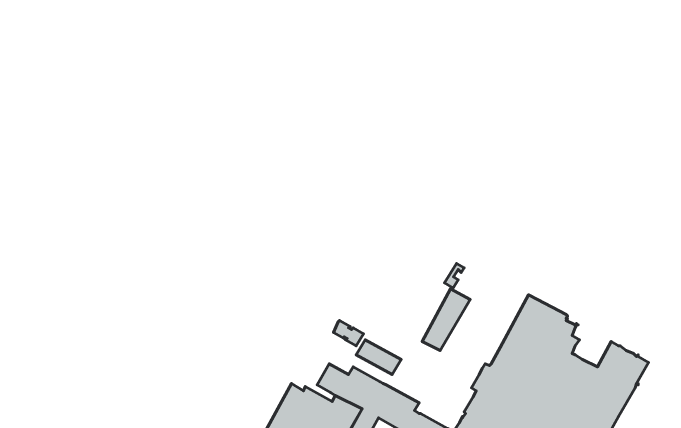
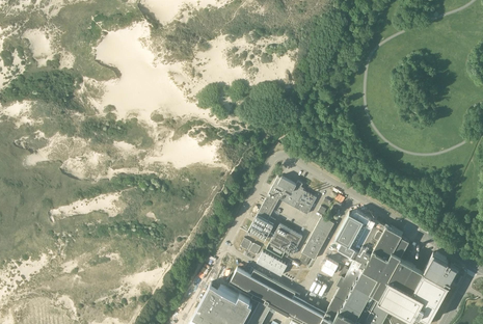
building: none -> [247,178,316,259]
building: none -> [336,210,375,258]

